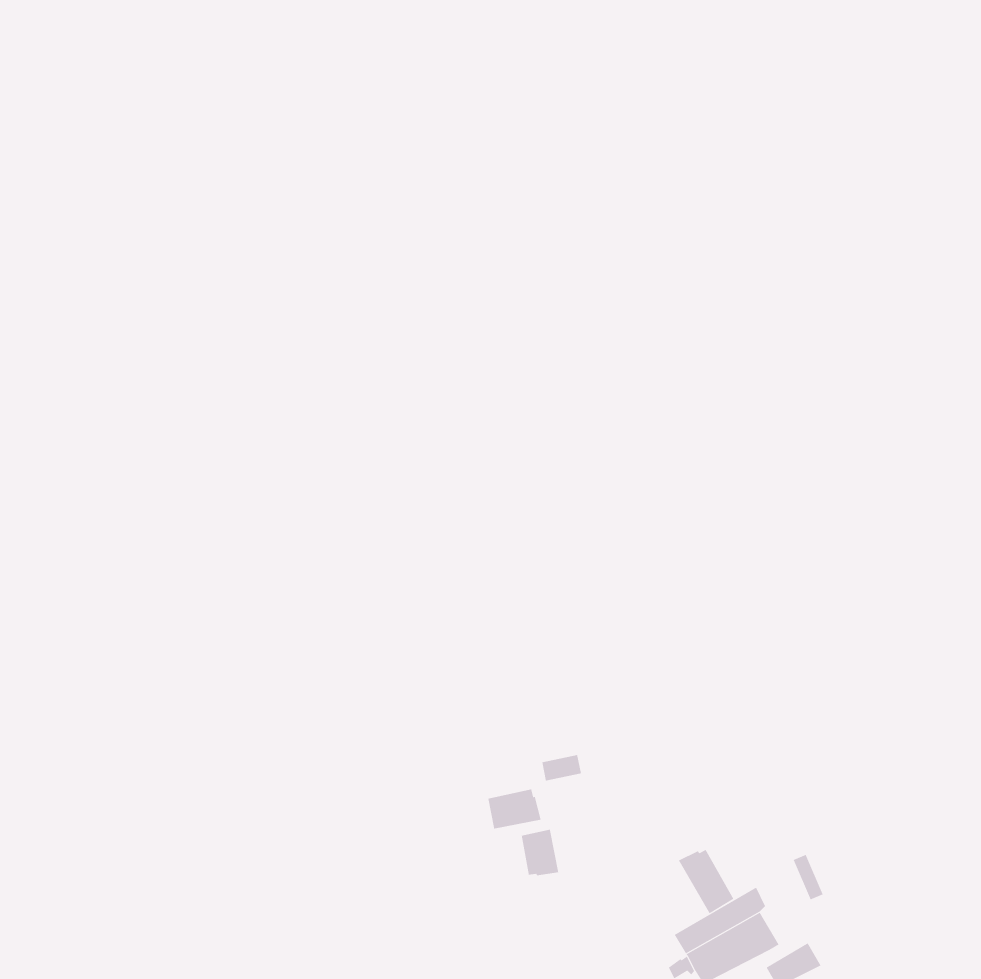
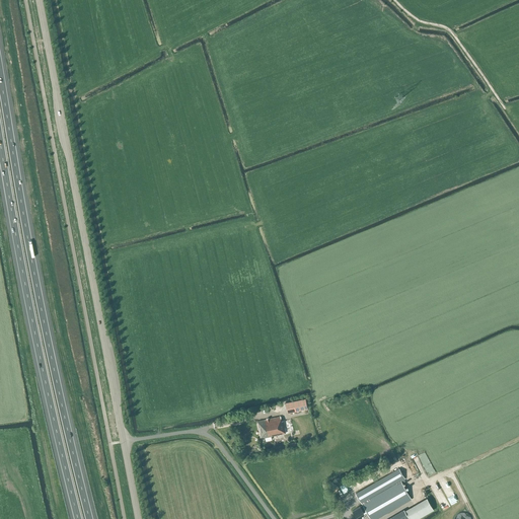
building: [521,829,559,876] -> none
building: [678,849,734,914] -> none

